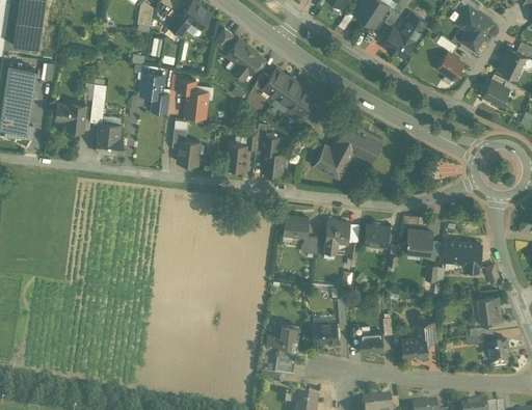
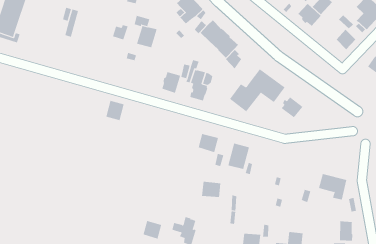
building: [139,73,164,98] -> none
building: [56,104,86,130] -> none
building: [96,124,123,156] -> none
building: [178,140,200,164] -> [105,100,125,121]
building: none -> [281,97,303,118]
building: [365,225,390,246] -> none
building: [406,230,433,255] -> none
building: [313,323,338,344] -> [201,181,221,198]
building: none -> [143,220,162,239]

